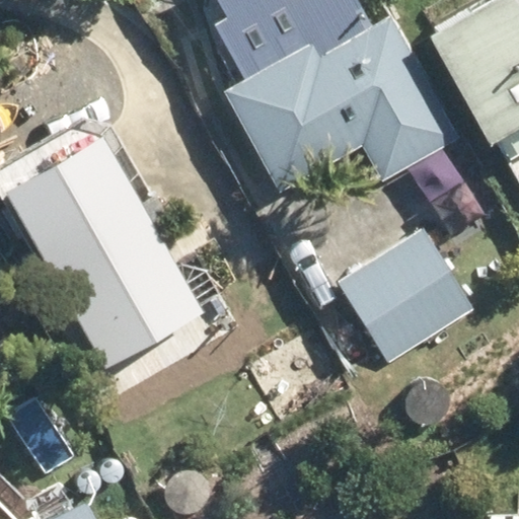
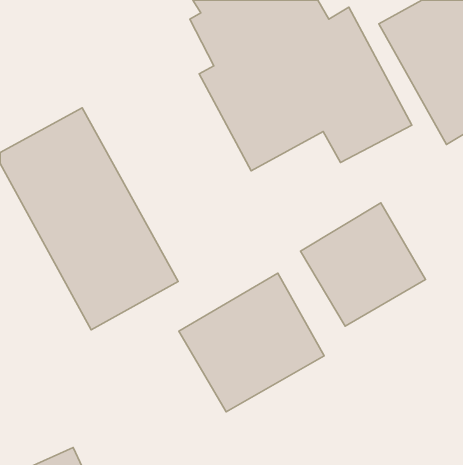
building: none -> [179,273,324,412]

